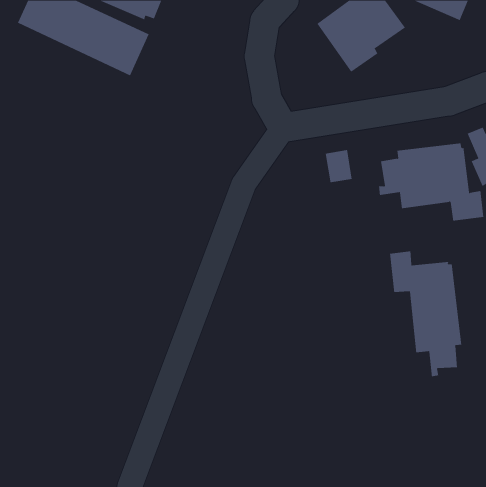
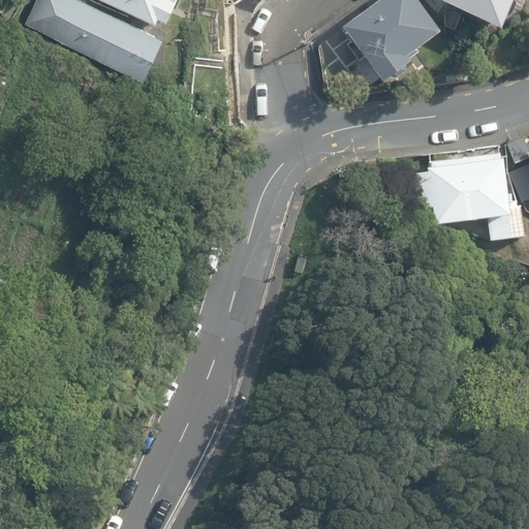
building: [389,250,462,377] -> none

